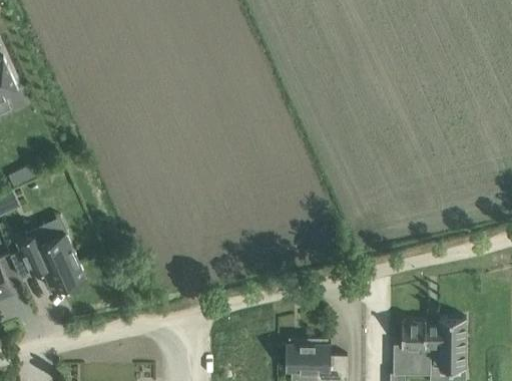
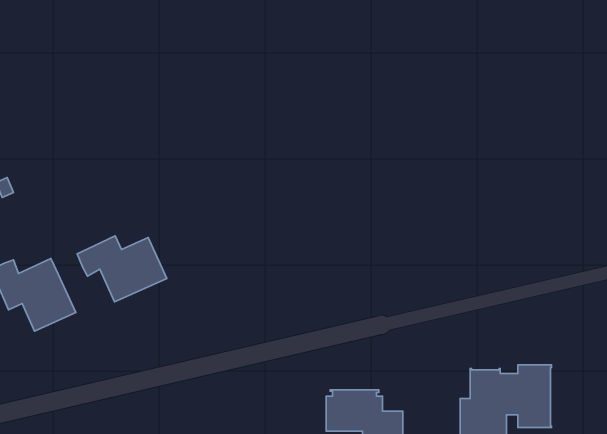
building: none -> [77,236,167,302]

